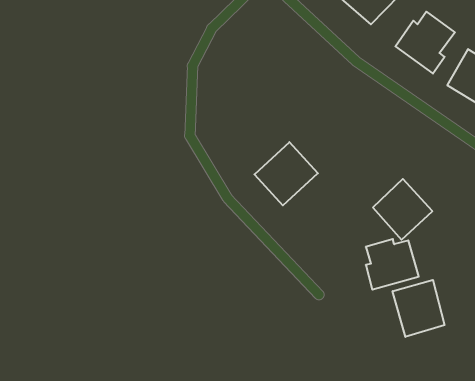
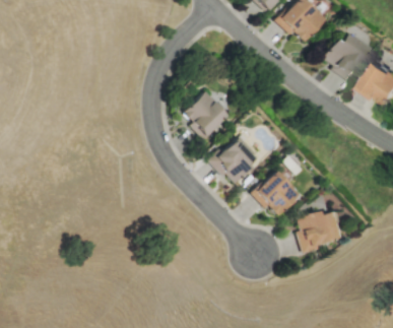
building: none -> [184,91,230,138]
building: [373,179,432,240] -> [255,170,302,217]
building: [393,280,445,337] -> none

